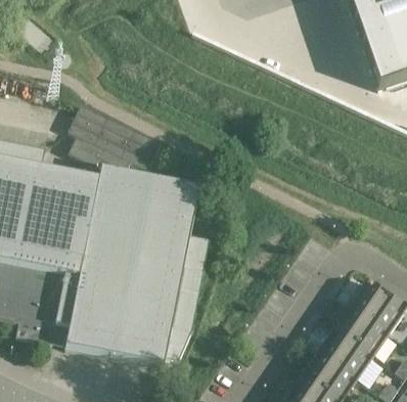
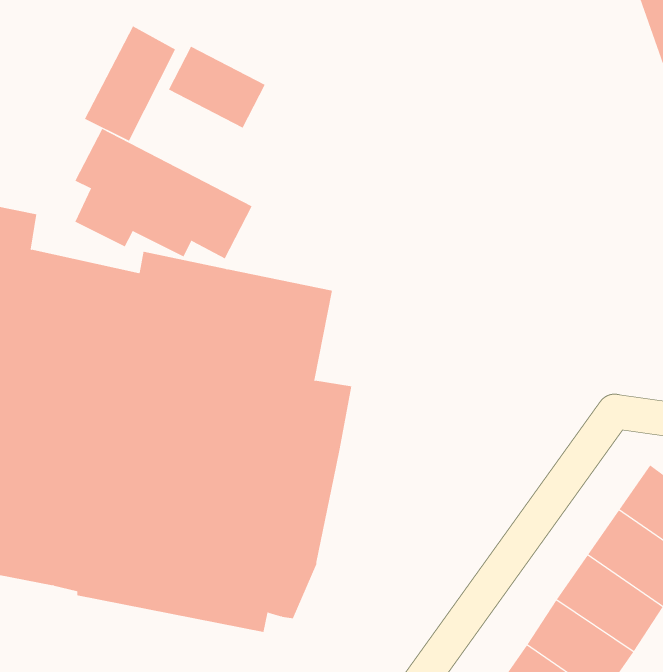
building: none -> [84,26,176,142]
building: none -> [168,46,266,128]

